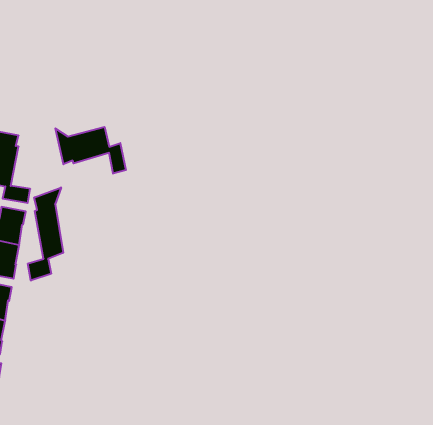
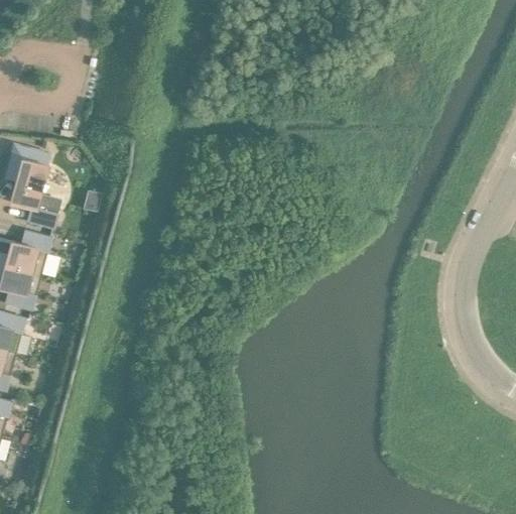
building: [55,127,126,174] -> none
building: [28,187,63,281] -> none

